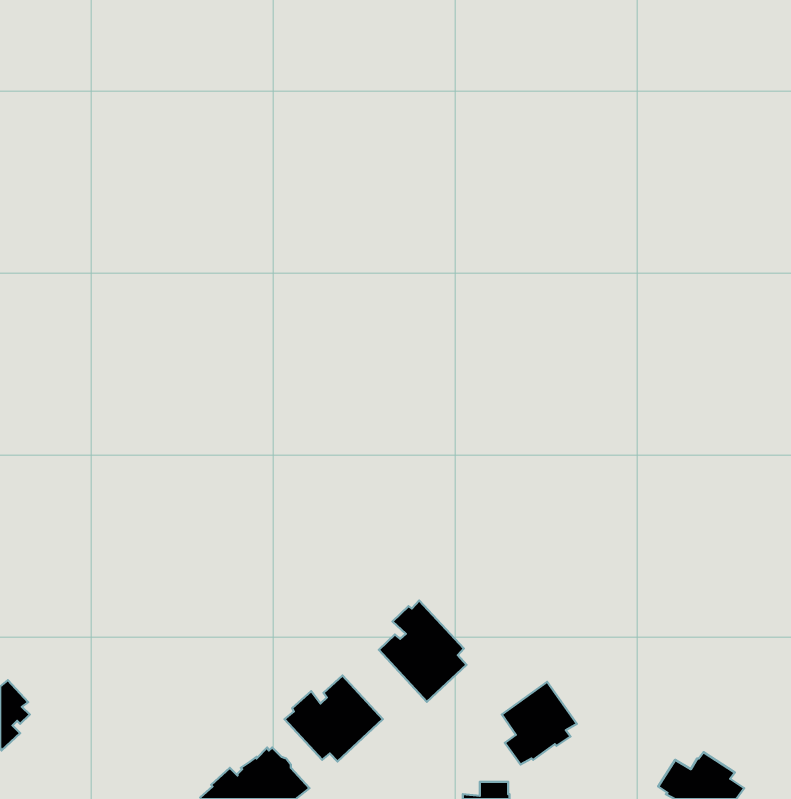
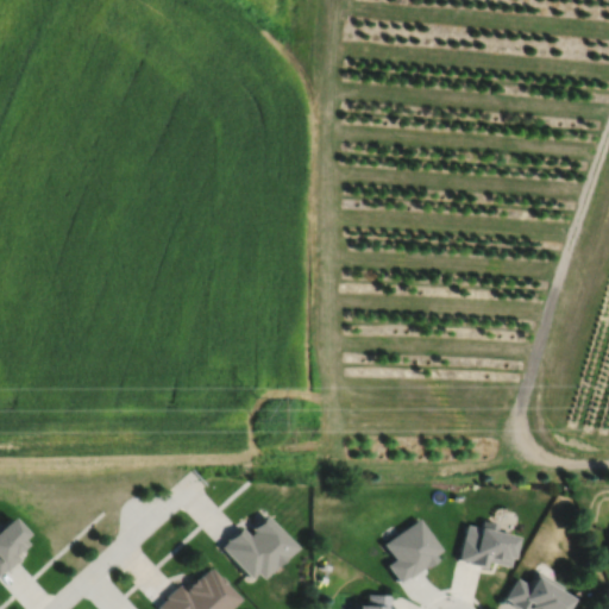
building: [379,601,467,702] -> none
building: none -> [460,520,519,569]

